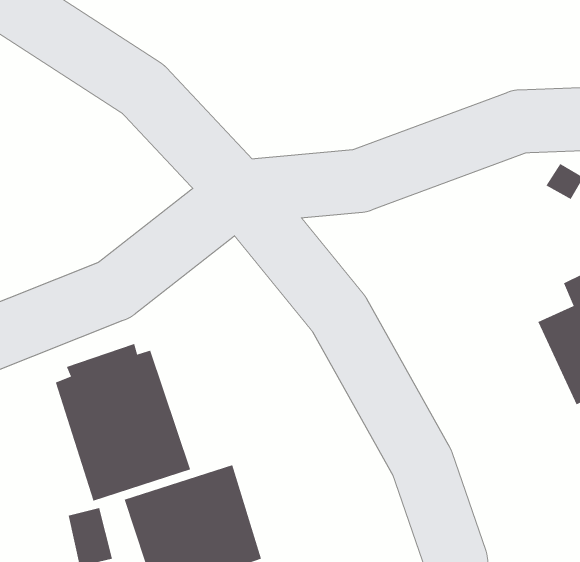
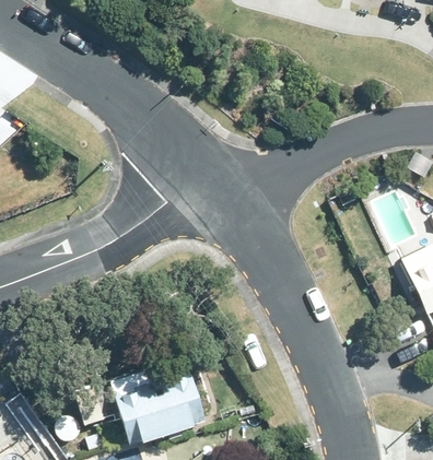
building: [55,343,191,502] -> none

